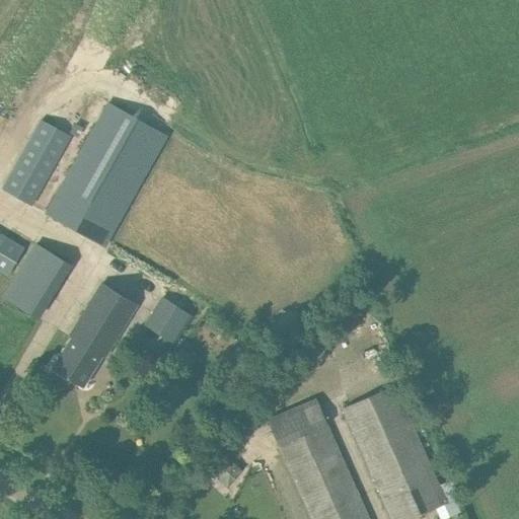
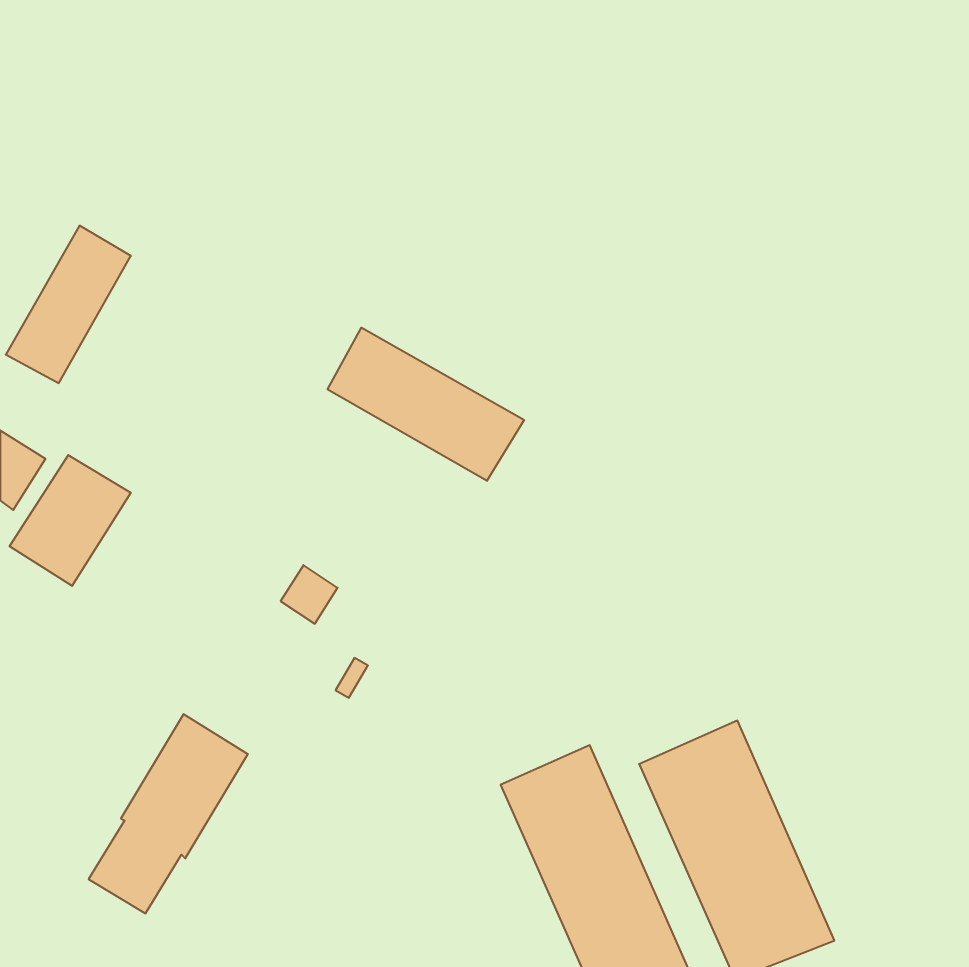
building: [48,100,168,244] -> none
building: none -> [328,328,524,481]
building: [52,282,137,388] -> [89,714,248,913]

